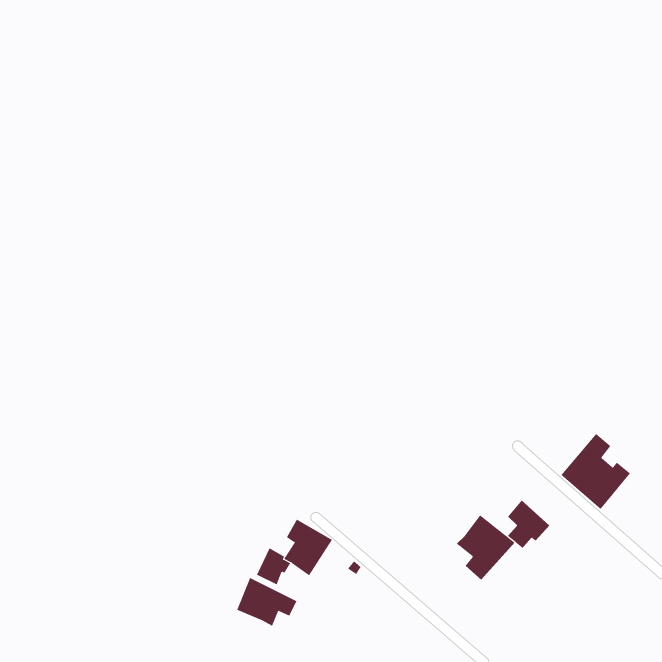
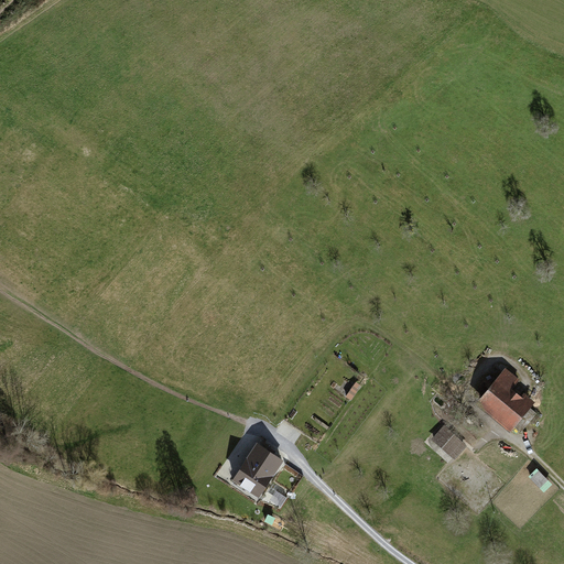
building: [456,514,515,580] -> none
building: [236,577,297,626] -> none

